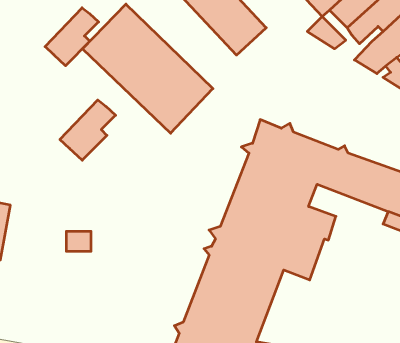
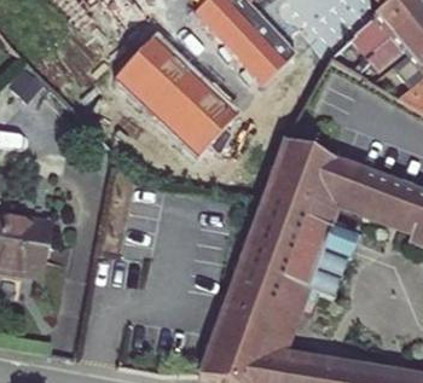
building: [45,8,99,66] -> none
building: [60,100,116,160] -> none

